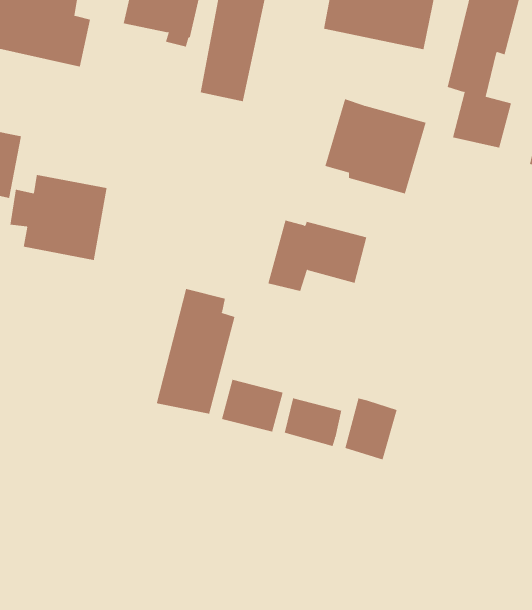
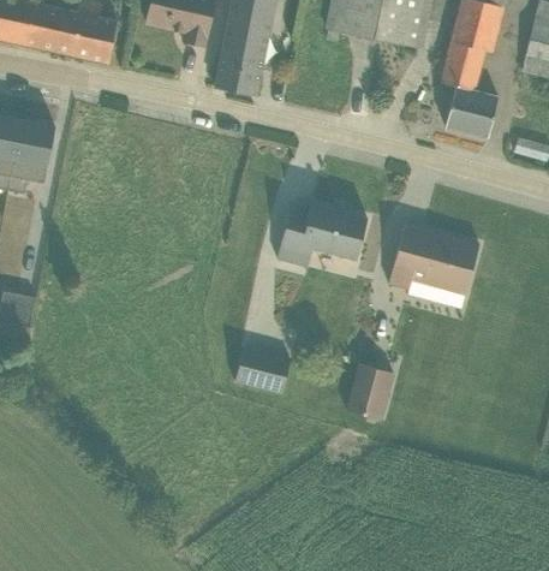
building: [324,99,427,194] -> [387,222,479,309]
building: [10,174,107,261] -> none
building: [156,288,235,414] -> none
building: [284,398,342,447] -> none

